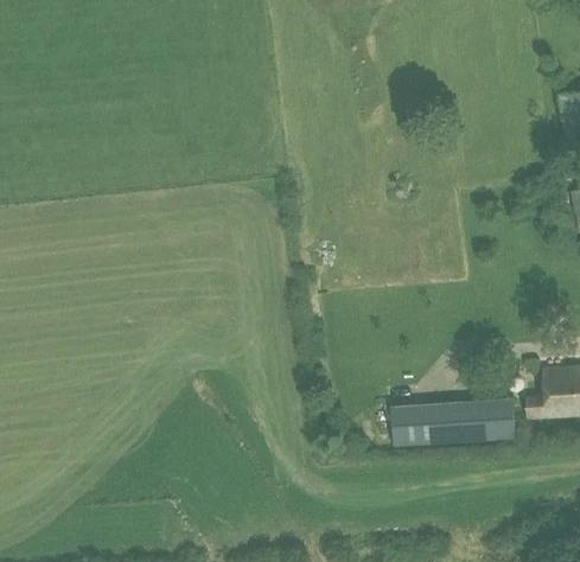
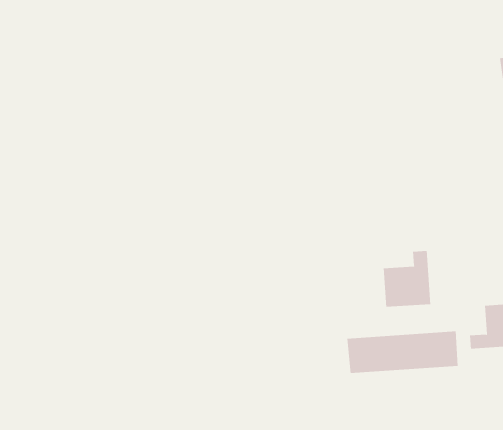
building: none -> [383,250,431,308]

